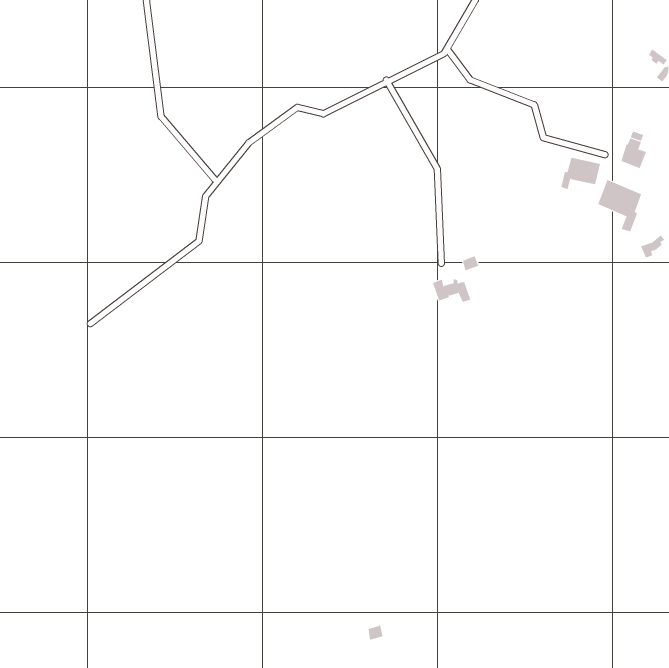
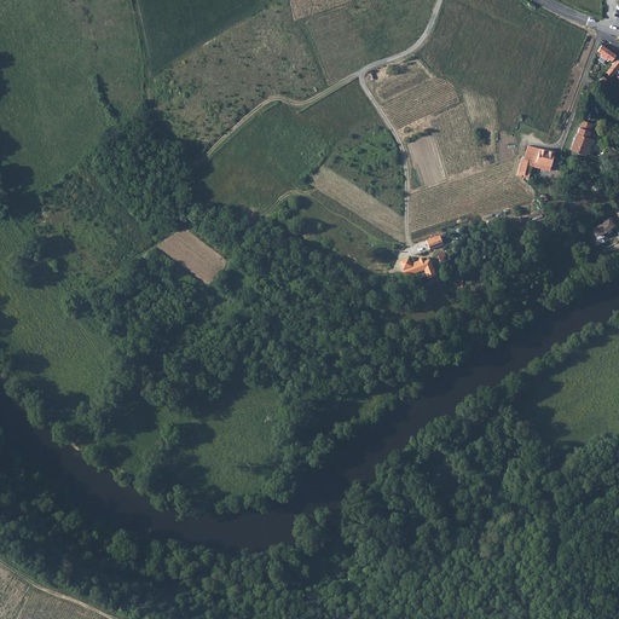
building: [597,179,642,232] -> none

